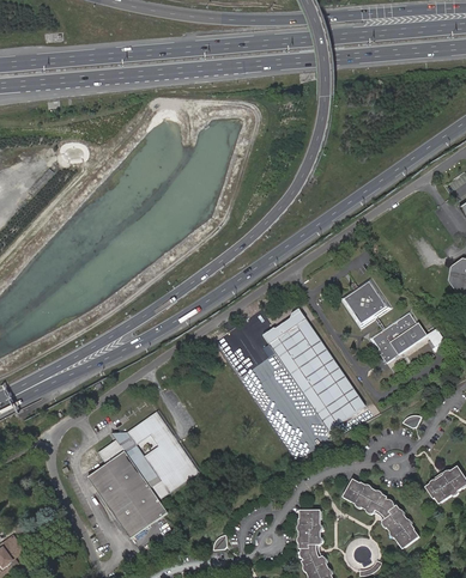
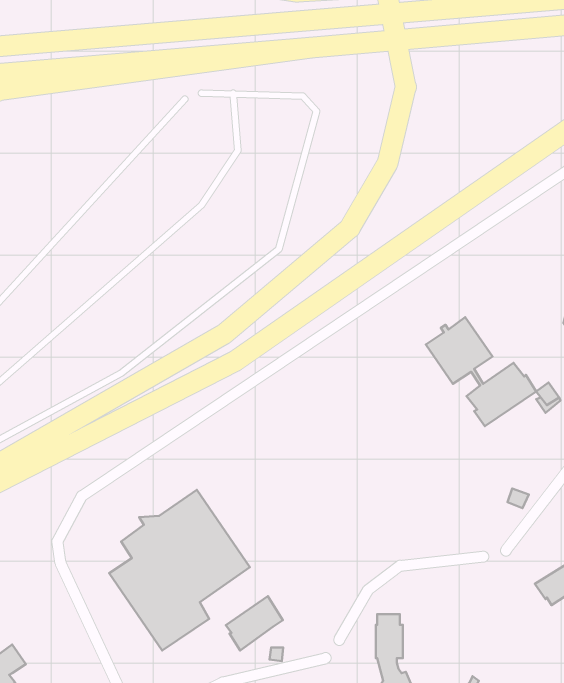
building: [262,308,364,430] -> none
building: [343,479,418,547] -> none
building: none -> [226,596,283,650]

